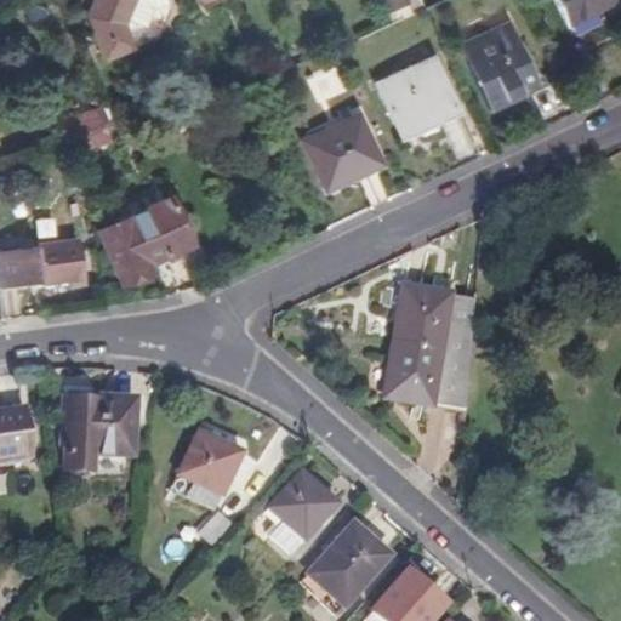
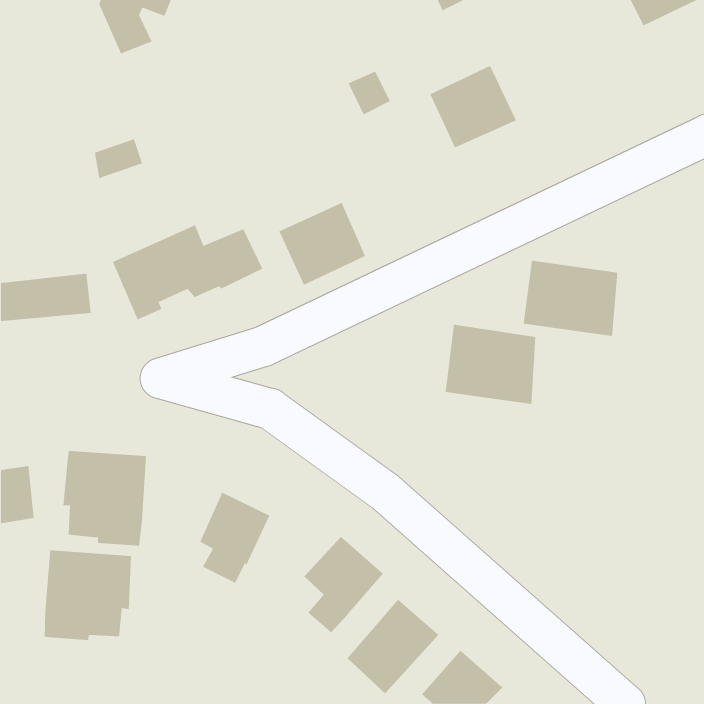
building: [465,23,546,103] -> none
building: [306,114,382,187] -> [278,202,366,285]
building: [386,343,469,410] -> [523,260,618,336]
building: none -> [44,550,131,641]

